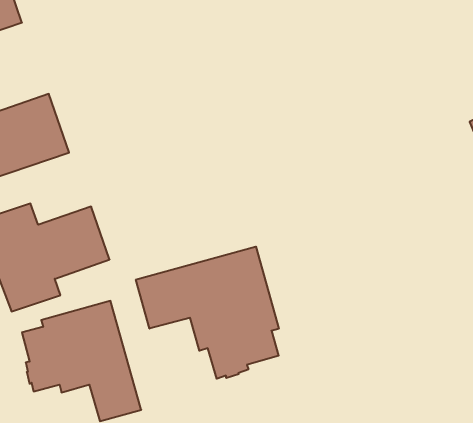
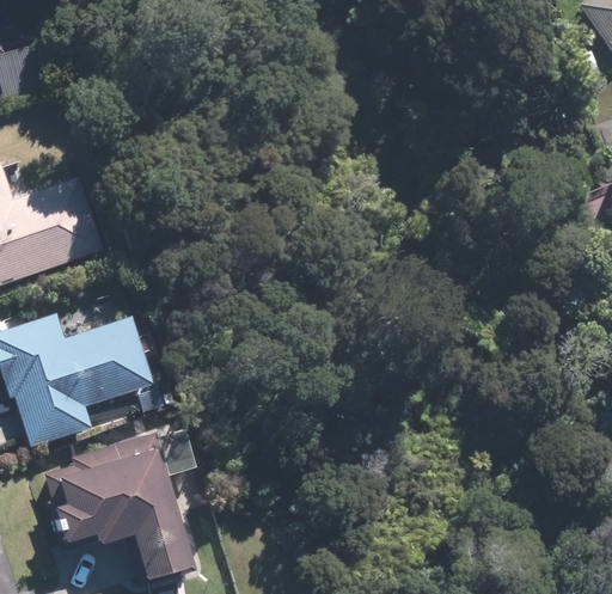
building: [136,247,279,379] -> none

